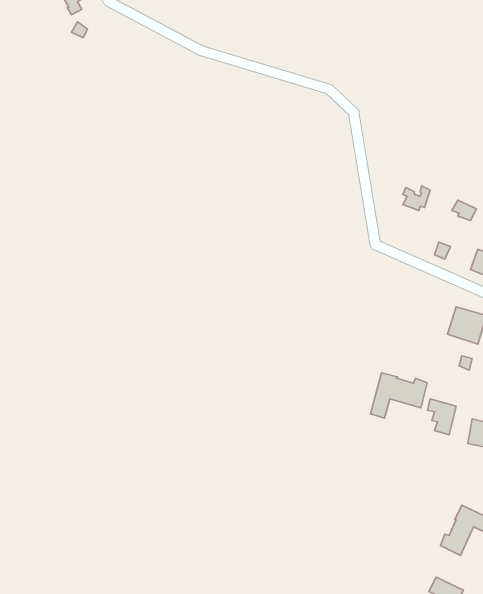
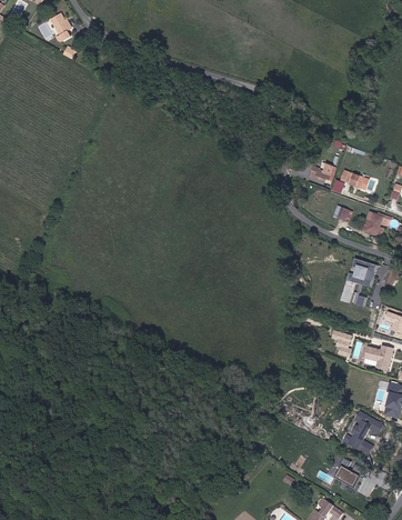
building: [371,373,427,418] -> none

